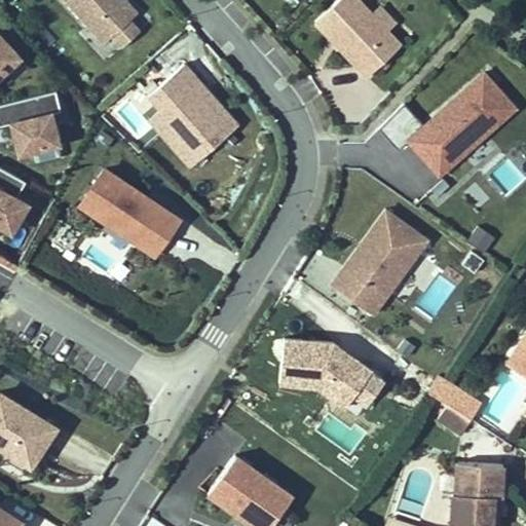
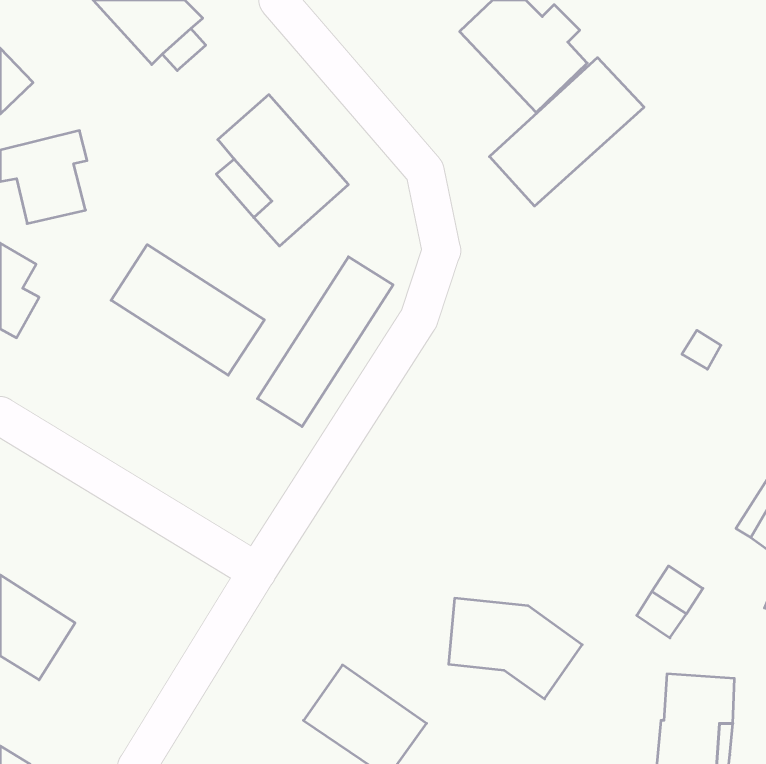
building: [408,73,514,175] -> [489,58,644,206]
building: none -> [257,257,393,427]
building: [330,210,427,314] -> none
building: [279,338,371,407] -> [449,598,582,699]

